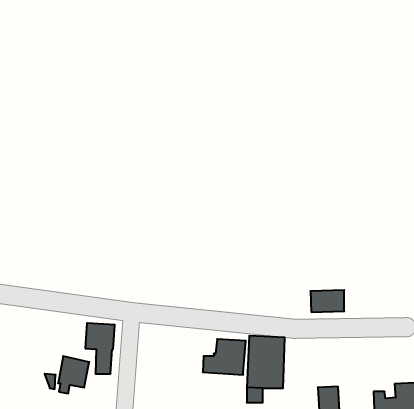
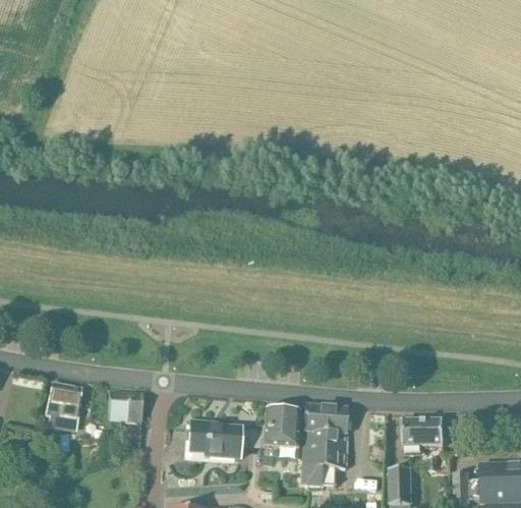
building: [310,290,344,312] -> [403,418,444,445]
building: none -> [190,421,249,457]
building: [58,356,89,393] -> [46,382,83,427]

